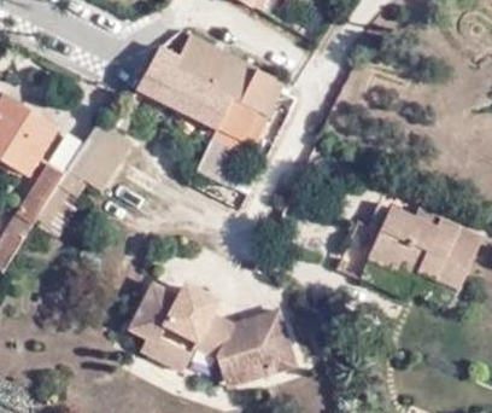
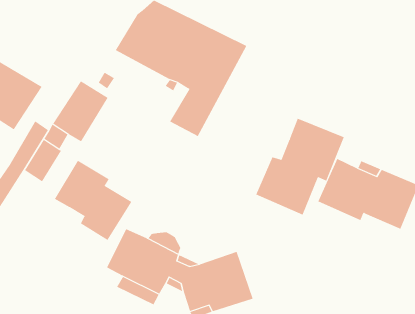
building: none -> [256,118,345,216]
building: none -> [54,160,132,241]

